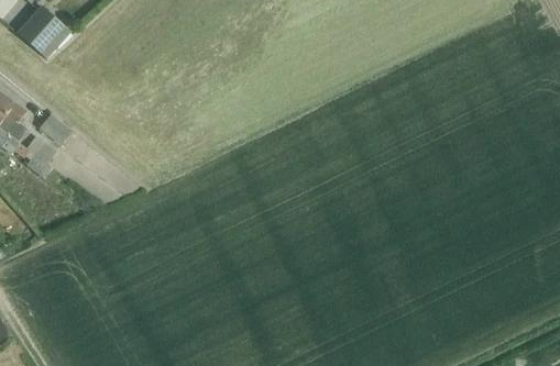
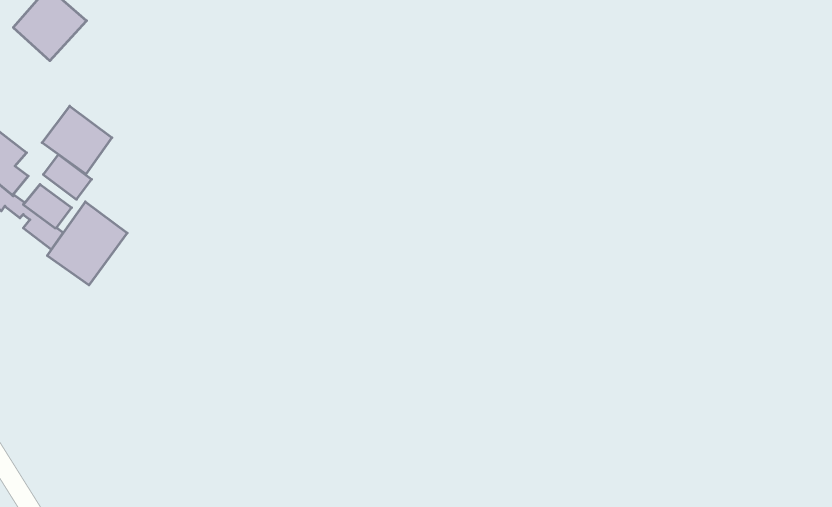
building: none -> [42,106,112,174]
building: none -> [47,202,127,285]

